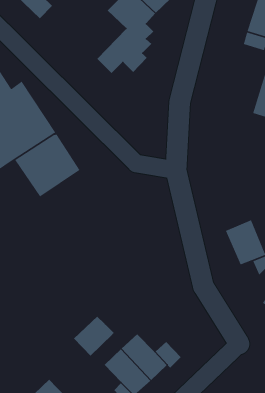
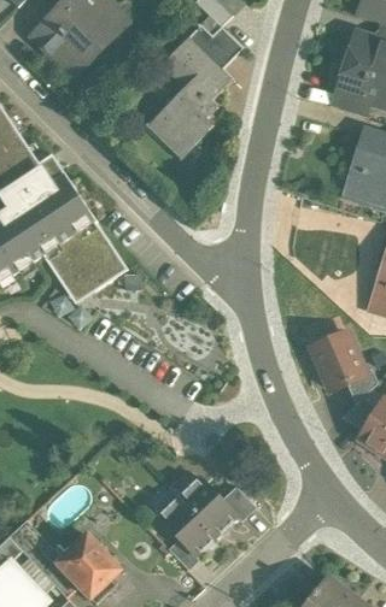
building: [73,316,115,357] -> none

